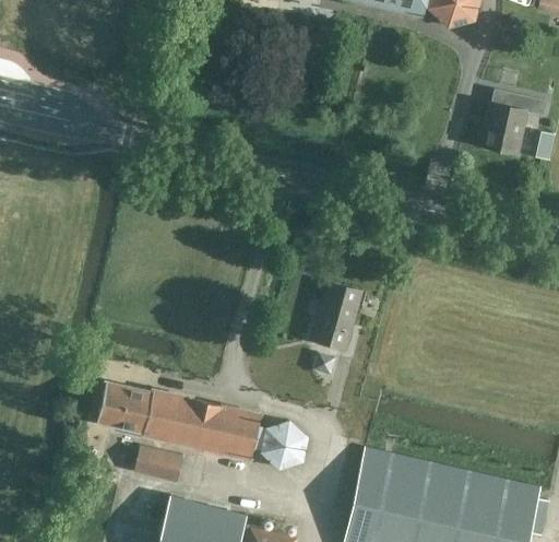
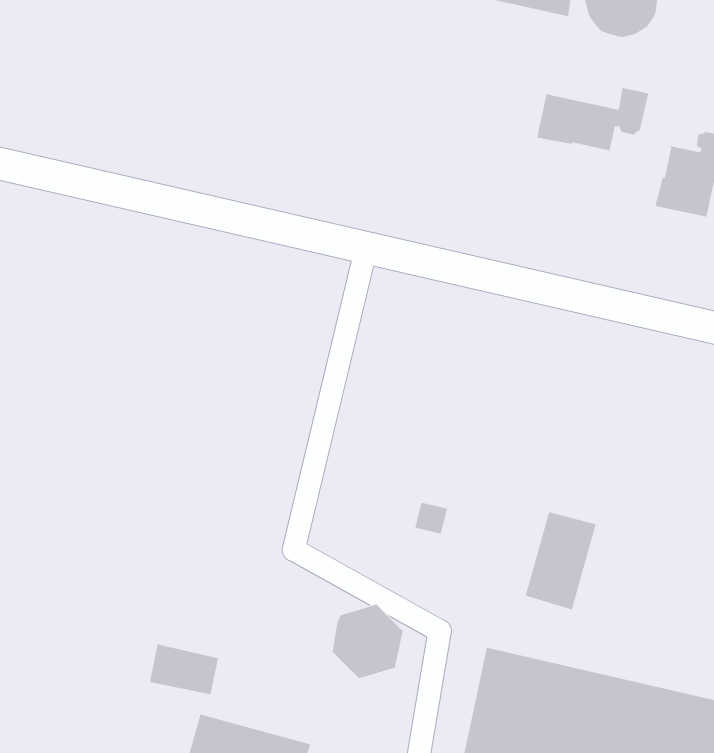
building: none -> [536,87,649,153]
building: [312,282,361,350] -> [525,512,596,610]
building: [97,382,261,459] -> none

